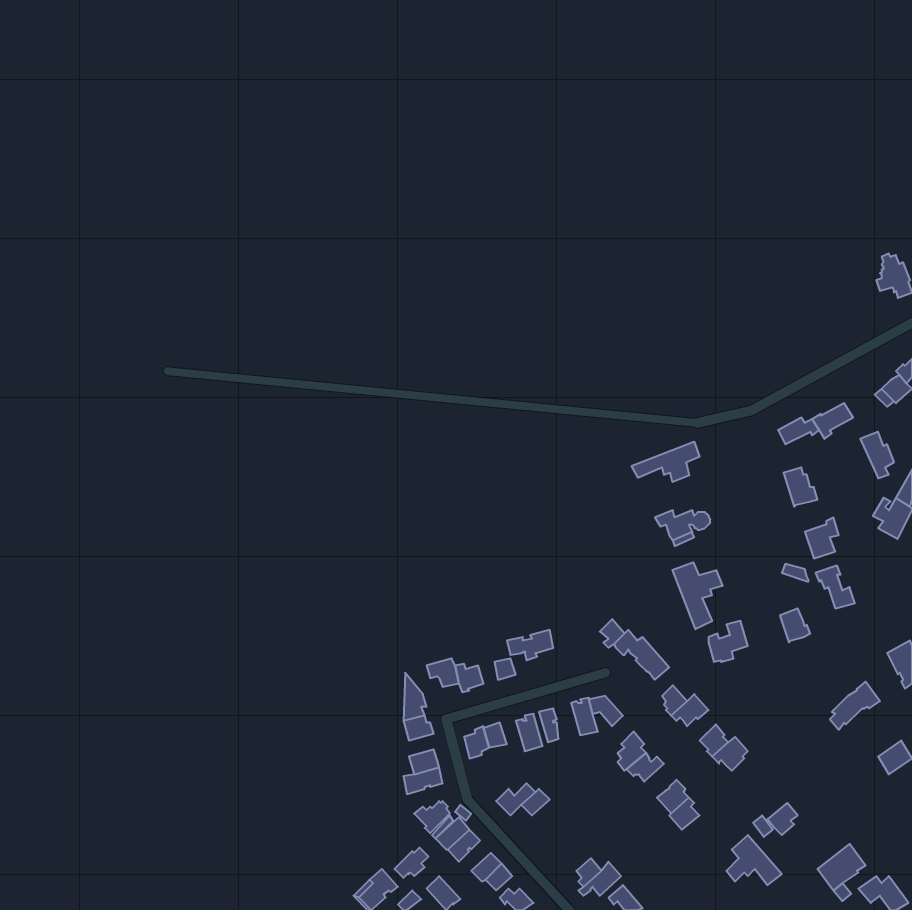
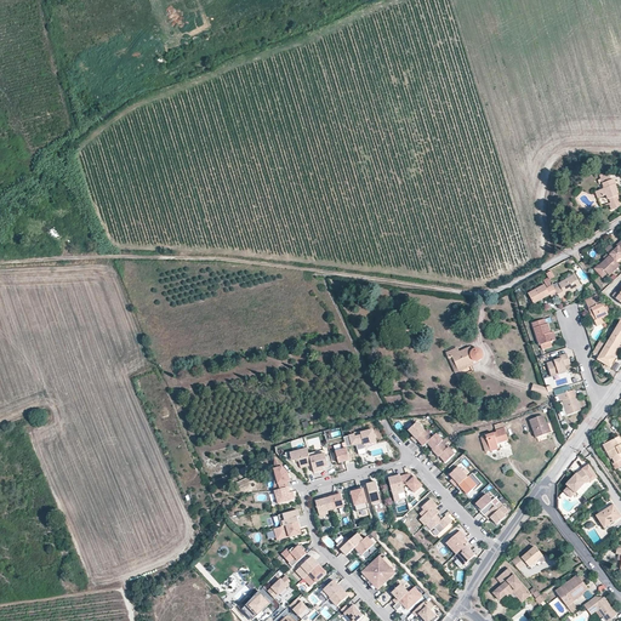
building: [632,442,700,482] -> none
building: [672,562,723,629] -> none
building: none -> [361,556,395,589]

